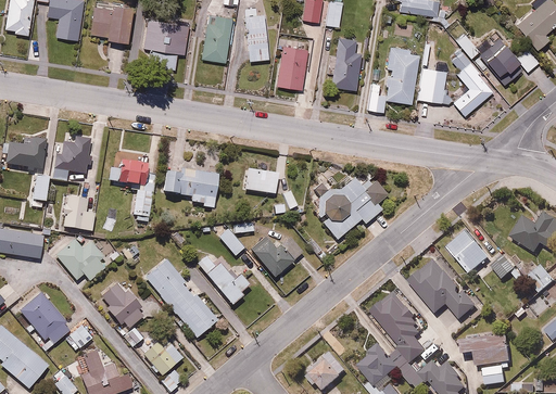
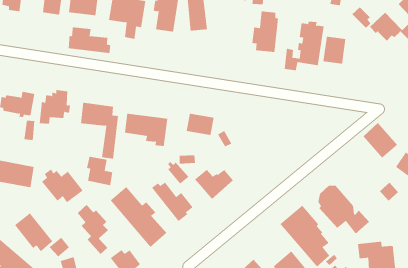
building: [275,42,314,91] -> none
building: [451,47,494,115] -> none
building: none -> [68,27,111,54]
building: [313,176,388,239] -> none
building: [61,194,96,232] -> [86,156,113,186]
building: [445,227,491,274] -> [363,122,398,158]

